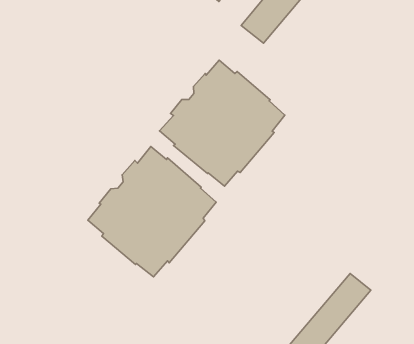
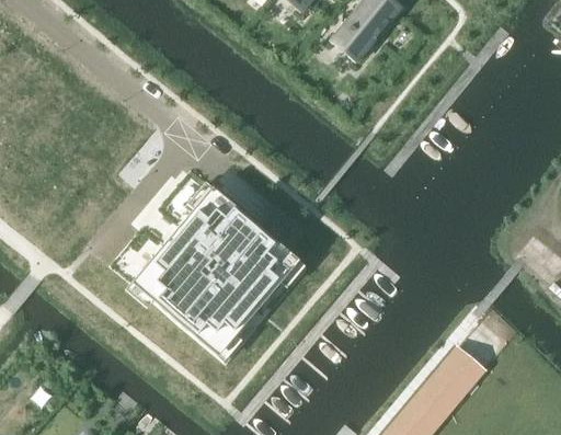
building: [160,60,285,186] -> none

